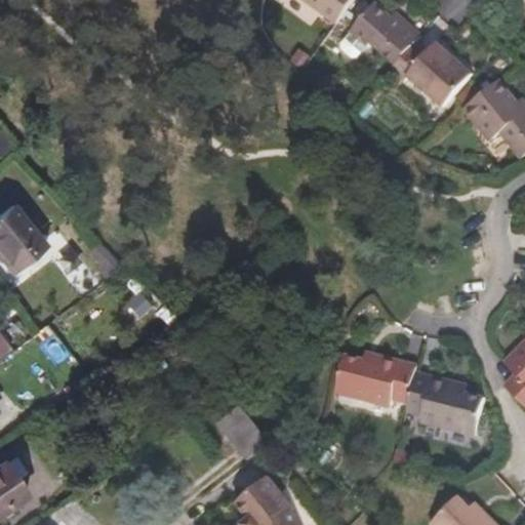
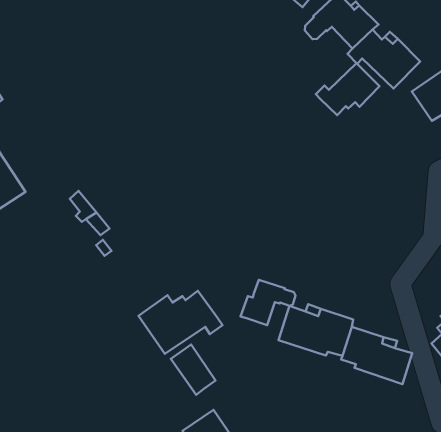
building: none -> [316,63,380,115]
building: none -> [241,280,296,325]
building: none -> [138,291,222,354]

